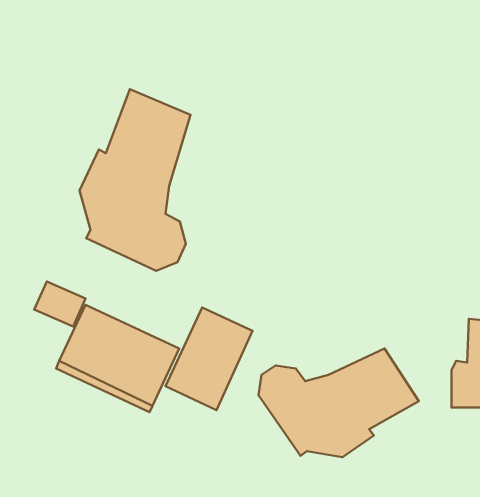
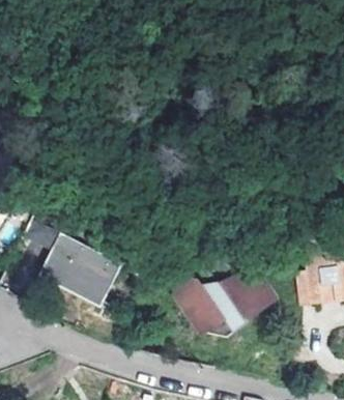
building: [79,89,191,271] -> none
building: [166,308,252,410] -> none

